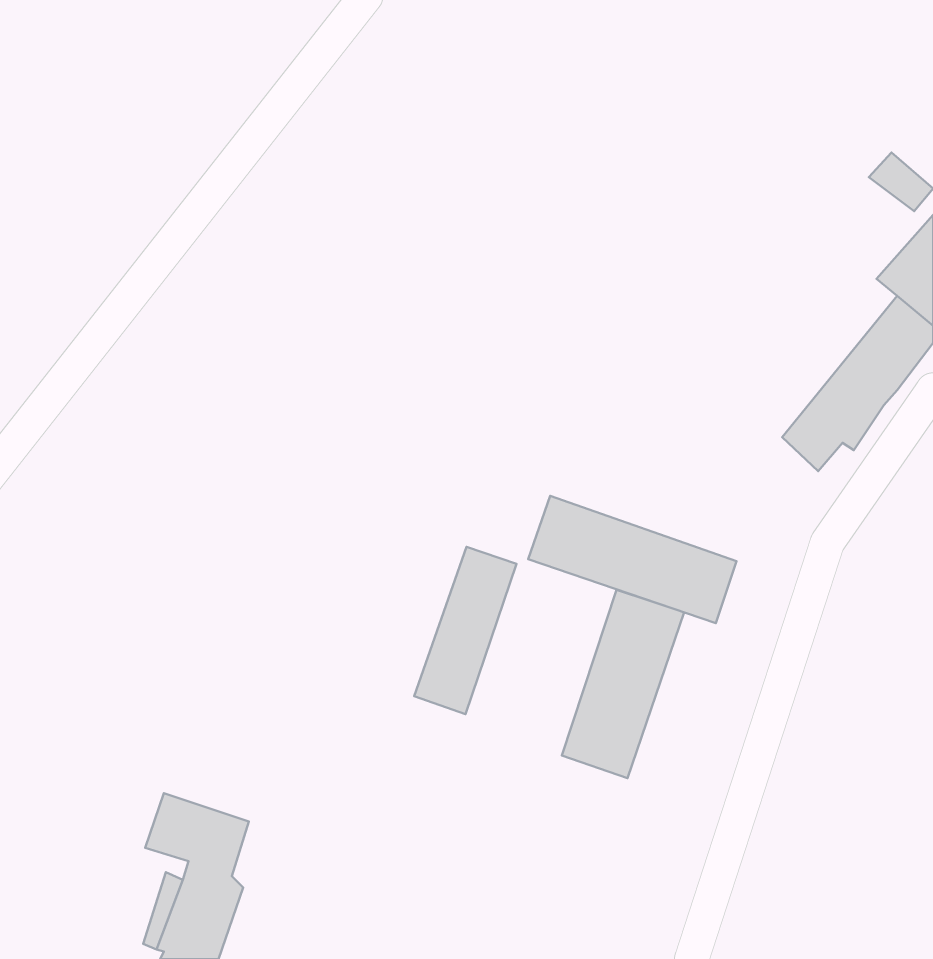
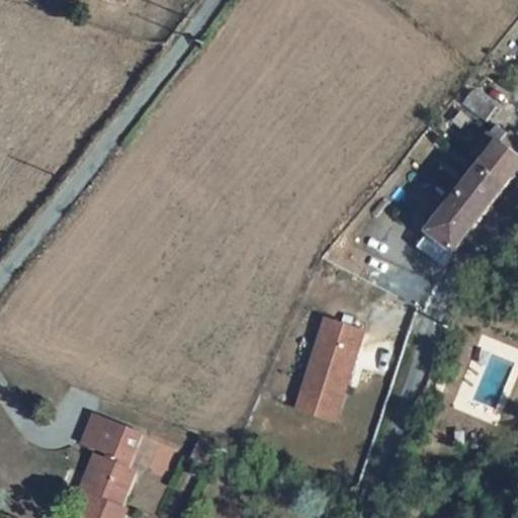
building: [528,496,737,623] -> none
building: [414,547,517,714] -> none

